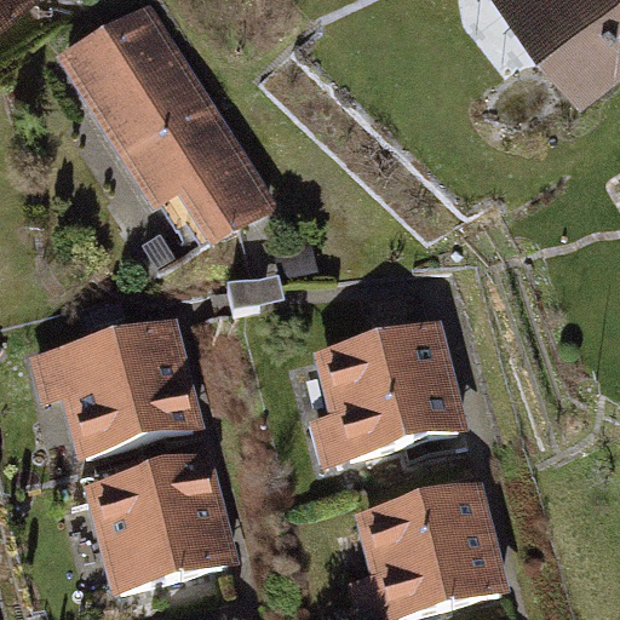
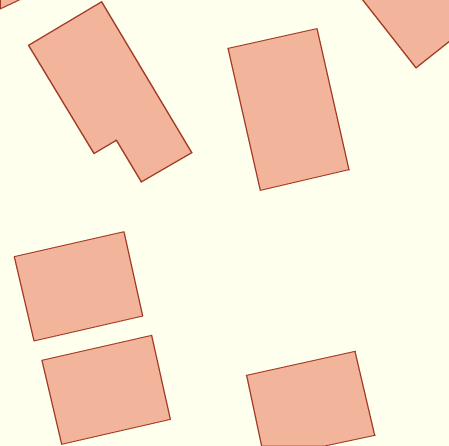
building: none -> [228,29,349,190]
building: [305,310,480,458] -> none

